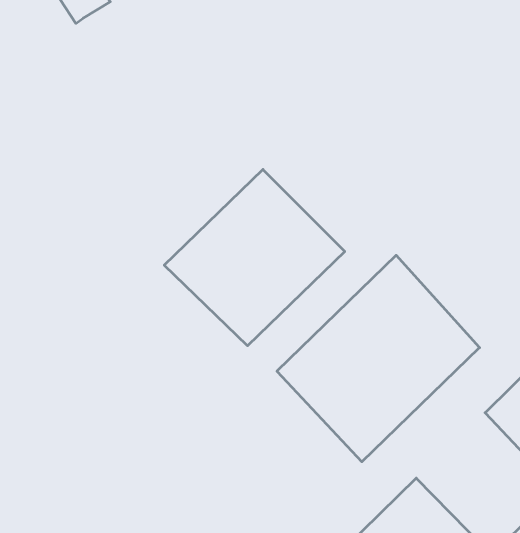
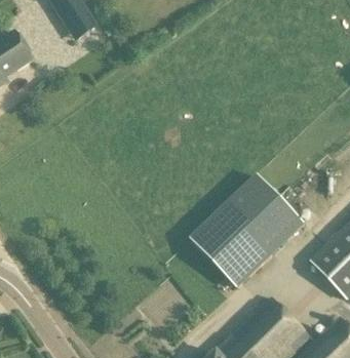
building: [164,169,345,346] -> none

